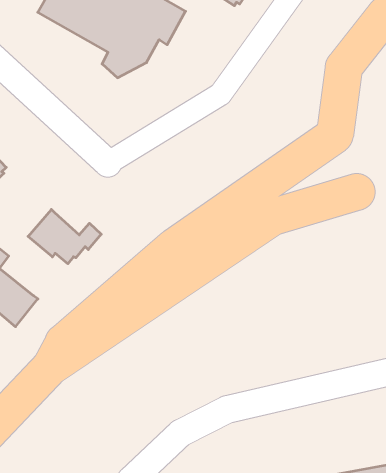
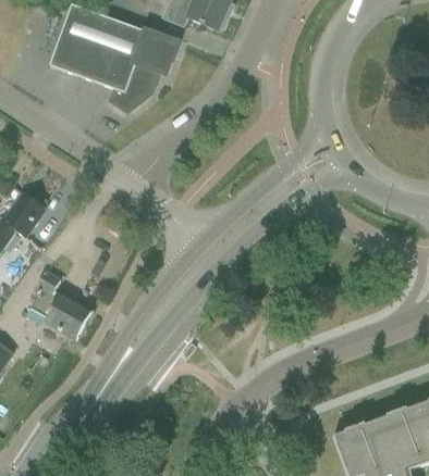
building: [28,209,101,264] -> none

